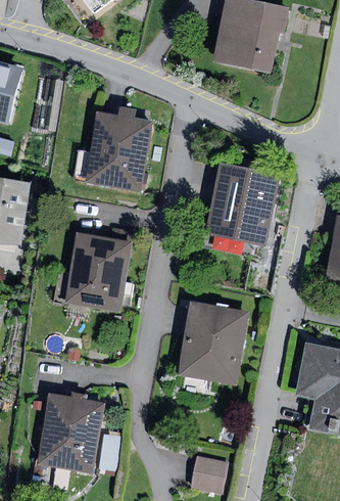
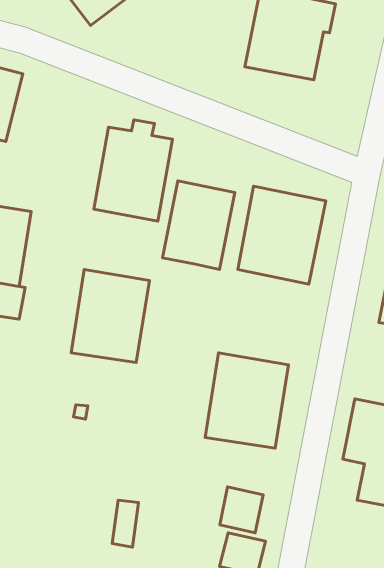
building: none -> [162,181,235,269]
building: [39,395,103,470] -> none
building: none -> [220,487,263,533]

